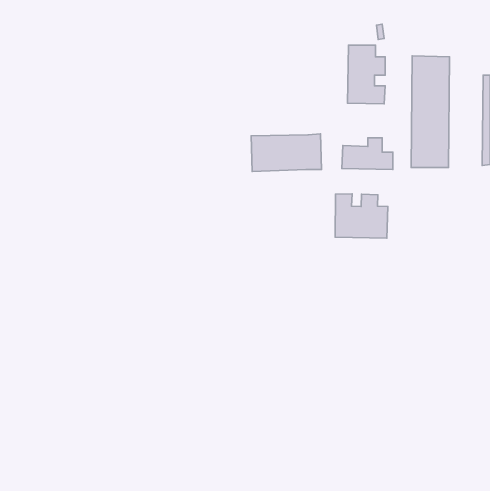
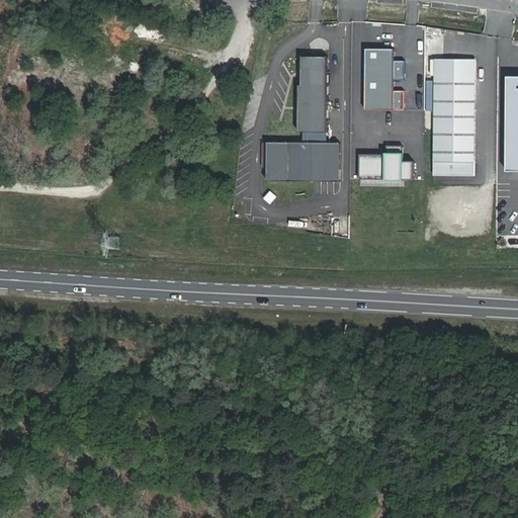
building: none -> [297,55,327,131]
building: [335,194,388,238] -> none

